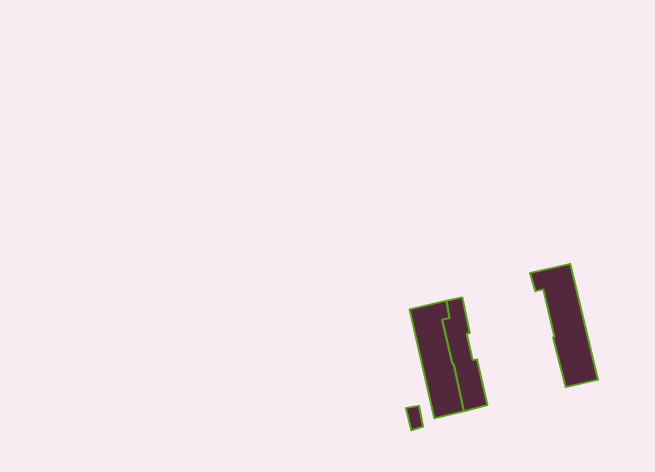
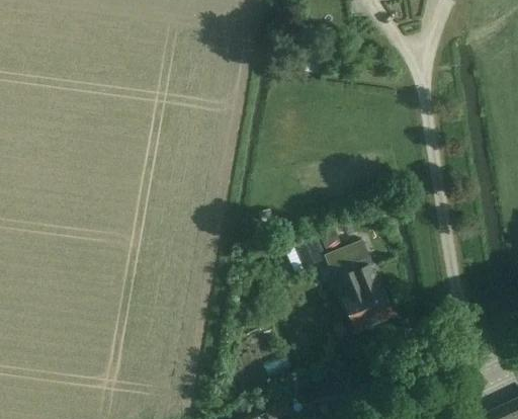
building: [530,264,598,387] -> none

